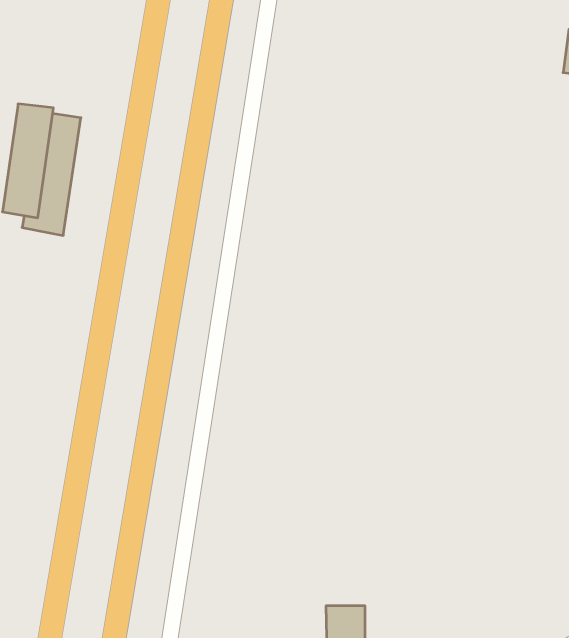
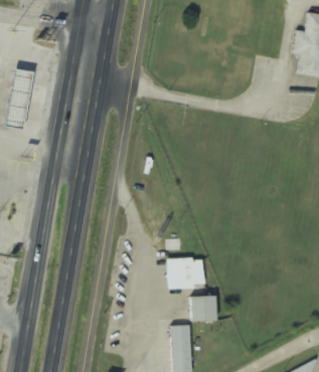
building: none -> [166,258,203,289]
building: none -> [189,296,215,321]

